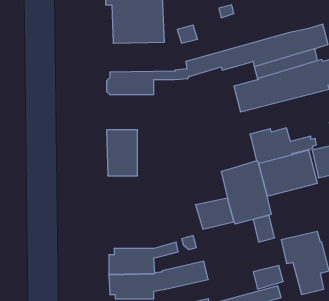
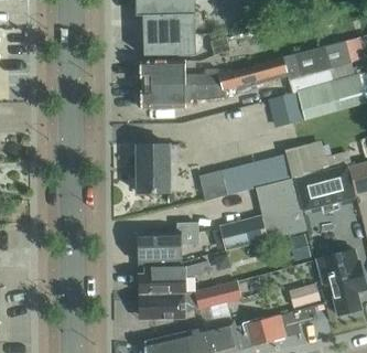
building: none -> [136,60,219,85]
building: none -> [199,153,291,200]
building: none -> [139,222,198,263]

